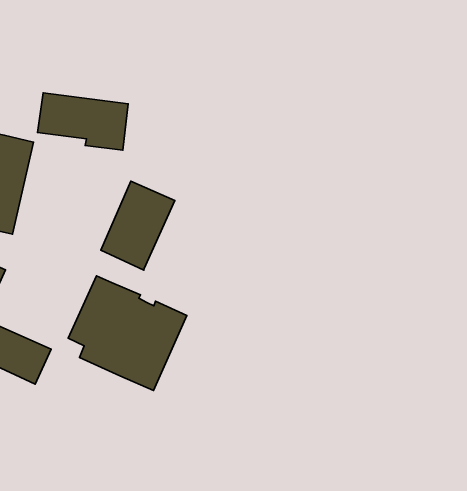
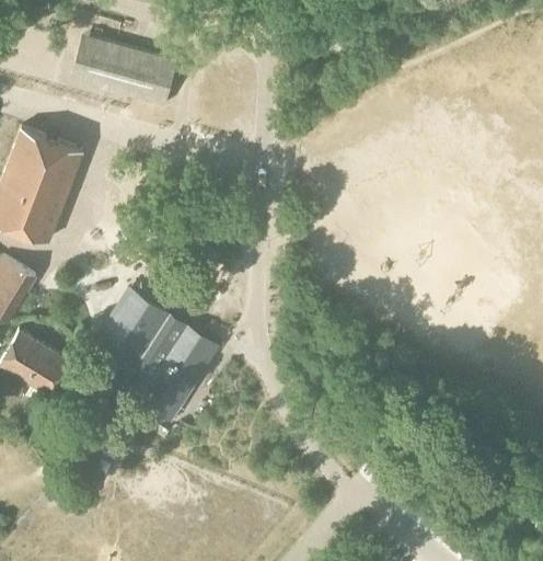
building: [38,93,128,150] -> [83,35,178,104]
building: [101,181,175,270] -> none

